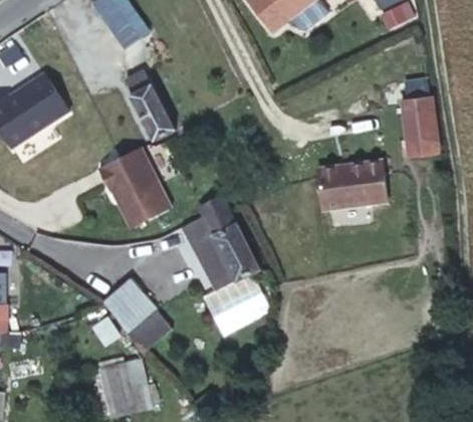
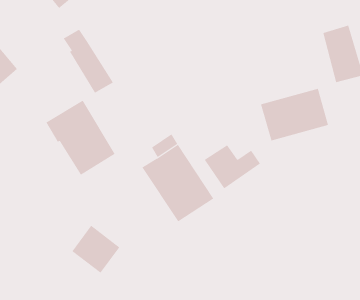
building: [203,285,263,333] -> [204,144,261,189]
building: [130,307,175,354] -> none

